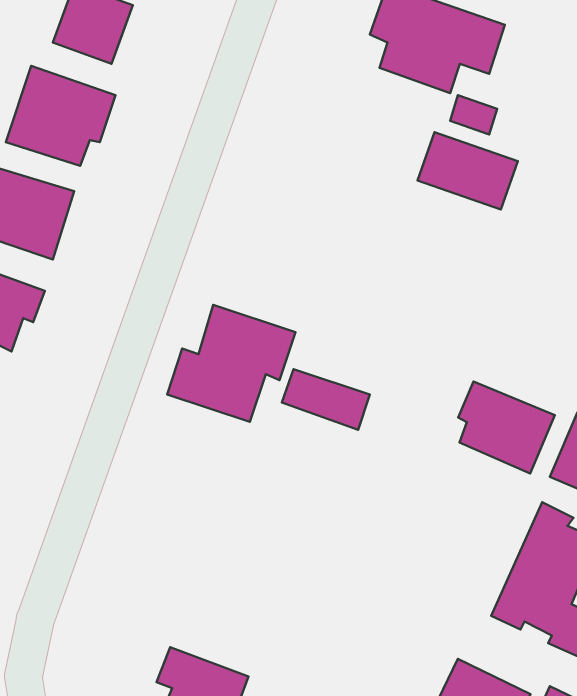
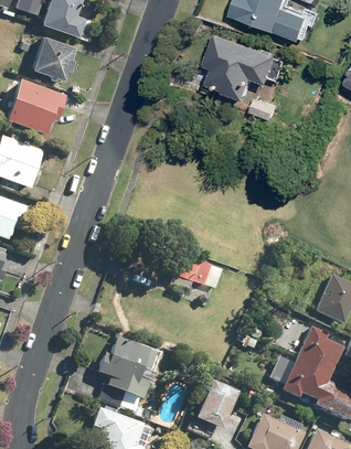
building: [417,132,518,210] -> none
building: [167,305,296,422] -> none
building: [458,382,555,474] -> none
building: none -> [97,336,159,399]
building: none -> [193,379,236,429]

